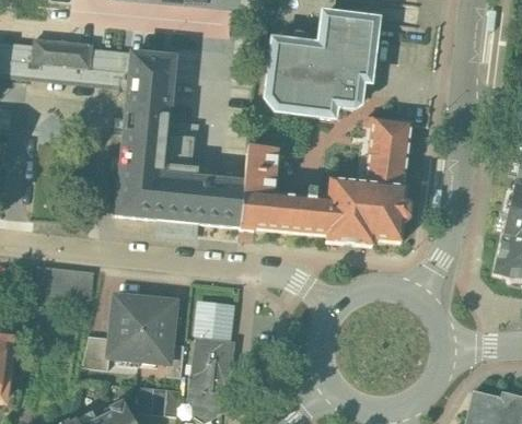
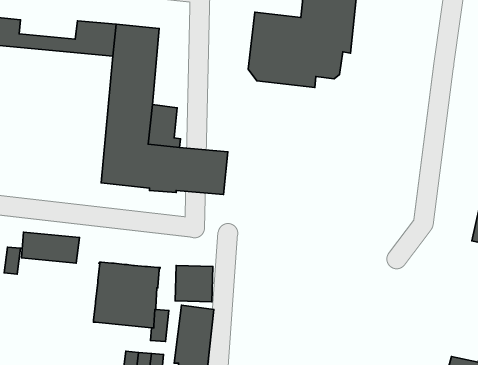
building: [34,37,93,67] -> none
building: [241,115,413,245] -> none
building: [83,333,112,367] -> none

